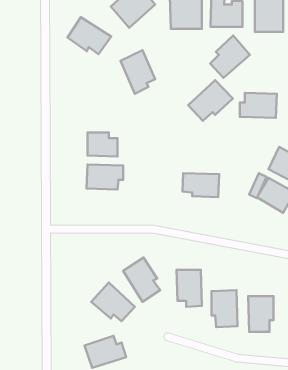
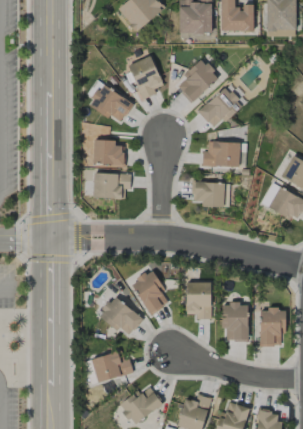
building: [67,17,111,54] -> [89,84,134,122]
building: [210,35,250,78] -> [178,58,219,102]
building: [240,93,277,118] -> [203,141,241,167]

